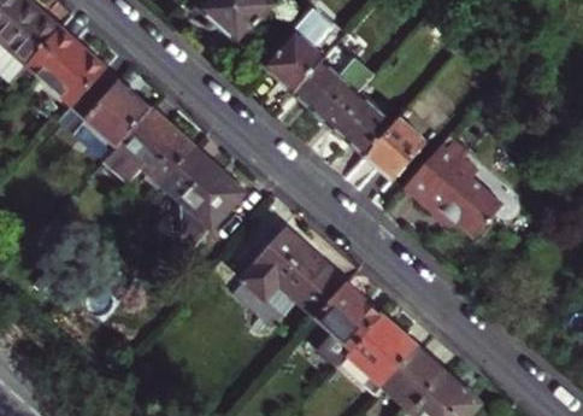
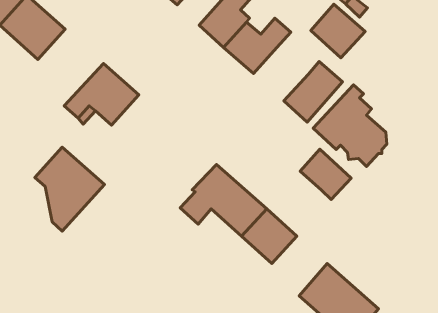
building: [58,69,151,160] -> none
building: [330,90,395,154] -> [311,4,365,58]
building: [160,147,243,247] -> [35,147,104,231]
building: none -> [300,149,351,200]
building: [348,316,418,387] -> none

